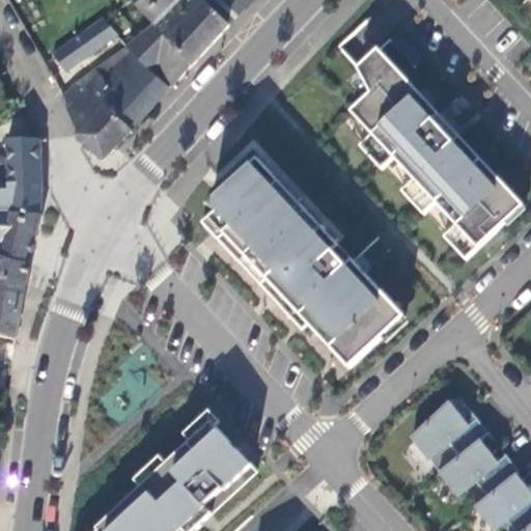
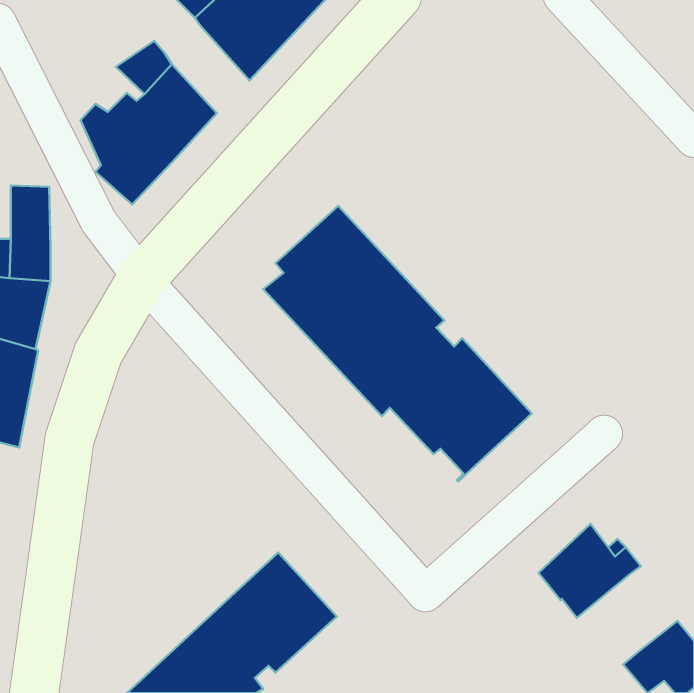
building: [52,13,117,67] -> none
building: [125,20,190,86] -> none
building: [351,47,524,257] -> none
building: [438,437,519,495] -> none

